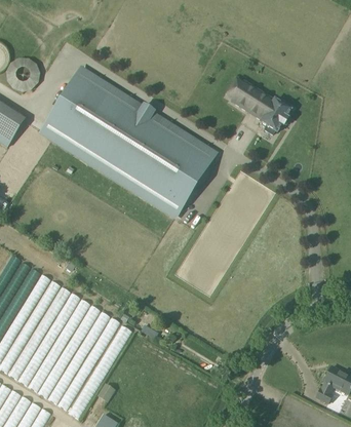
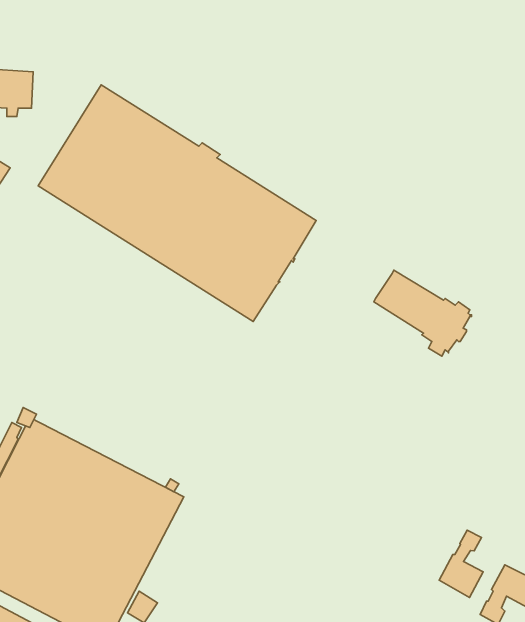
building: [230,81,290,134] -> [374,270,472,356]
building: none -> [439,530,483,597]

